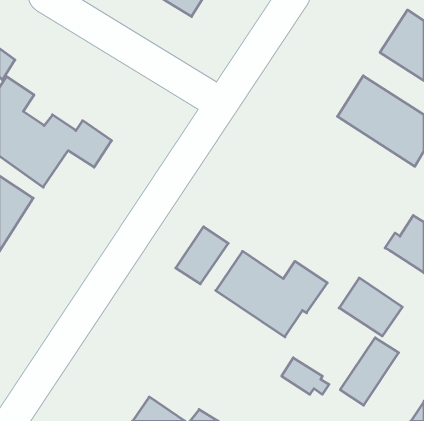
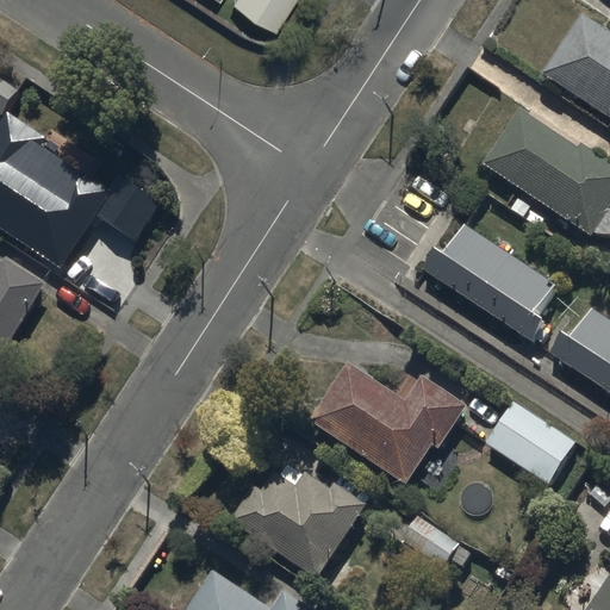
building: none -> [423,226,558,344]
building: [176,227,228,284] -> none
building: none -> [231,461,368,578]
building: [340,338,399,405] -> none

